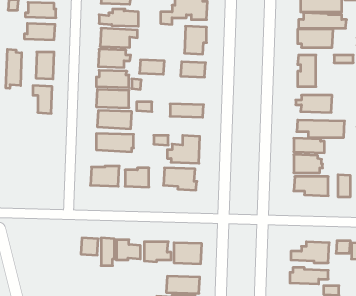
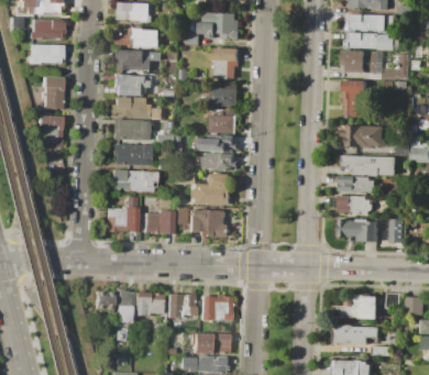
building: [6,49,22,88] -> none
building: [139,60,164,74] -> [207,114,235,131]
building: none -> [204,154,237,170]

